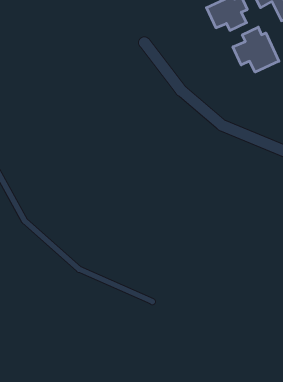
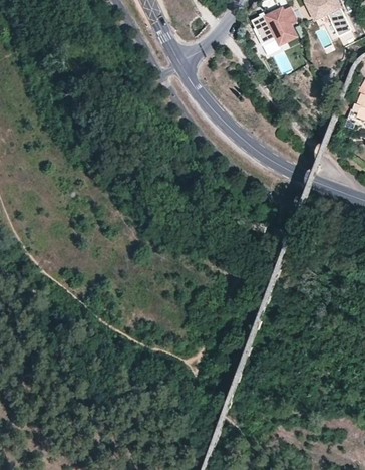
building: [233,27,279,72] -> none

